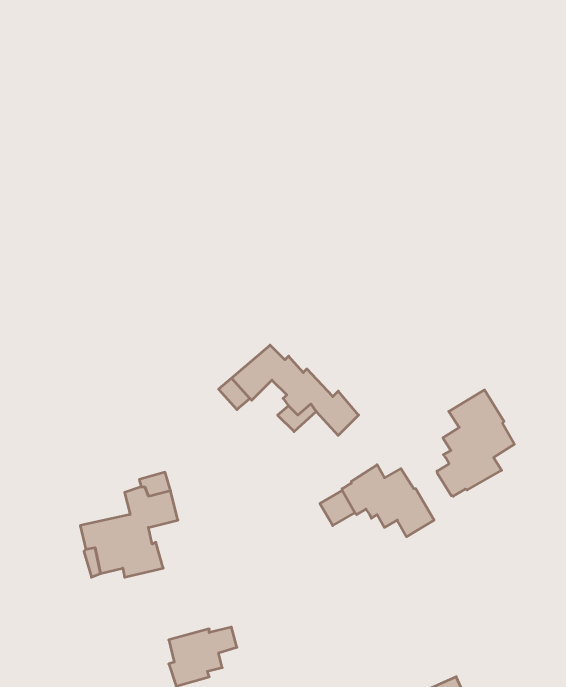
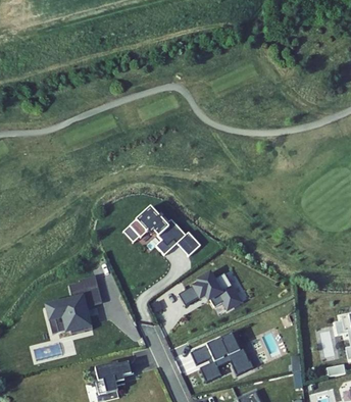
building: [437,390,514,496] -> none
building: none -> [191,332,252,382]

